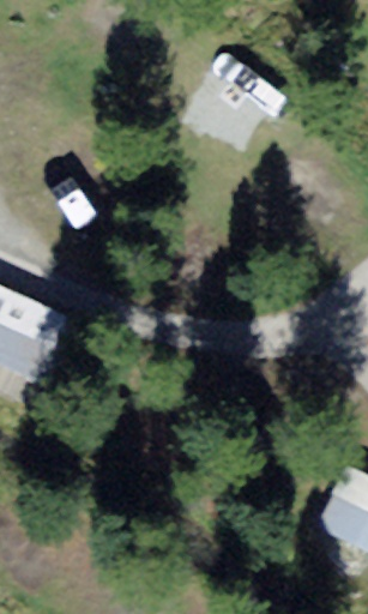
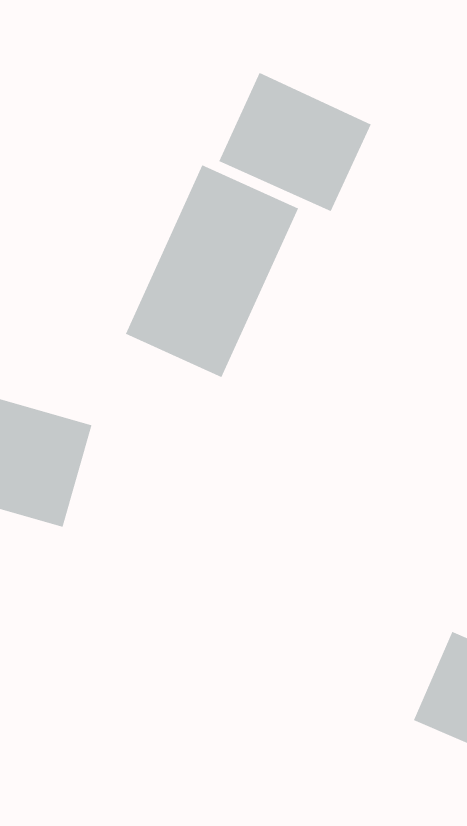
building: none -> [125,164,299,378]

